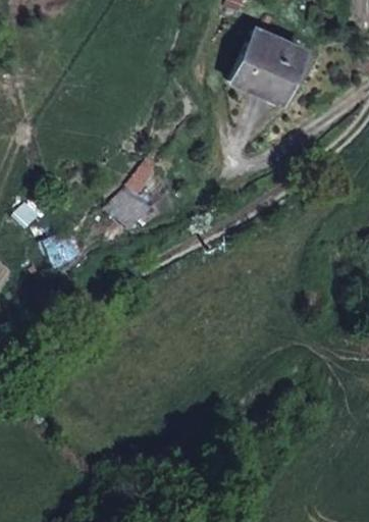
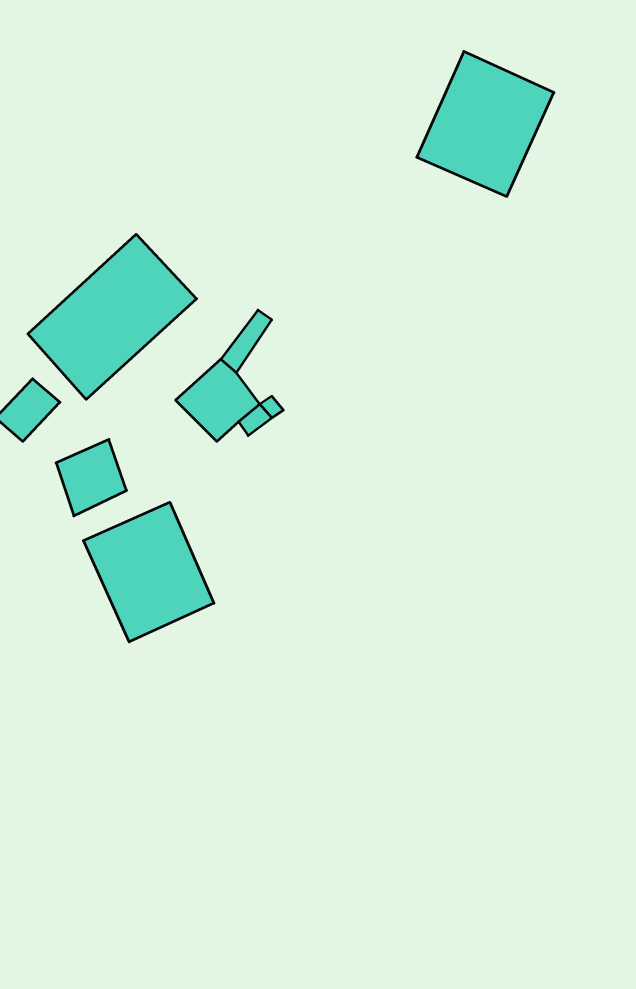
building: none -> [28,234,197,399]
building: none -> [83,502,214,642]

